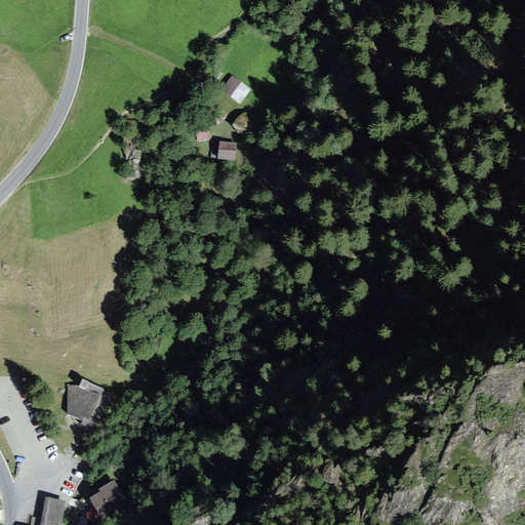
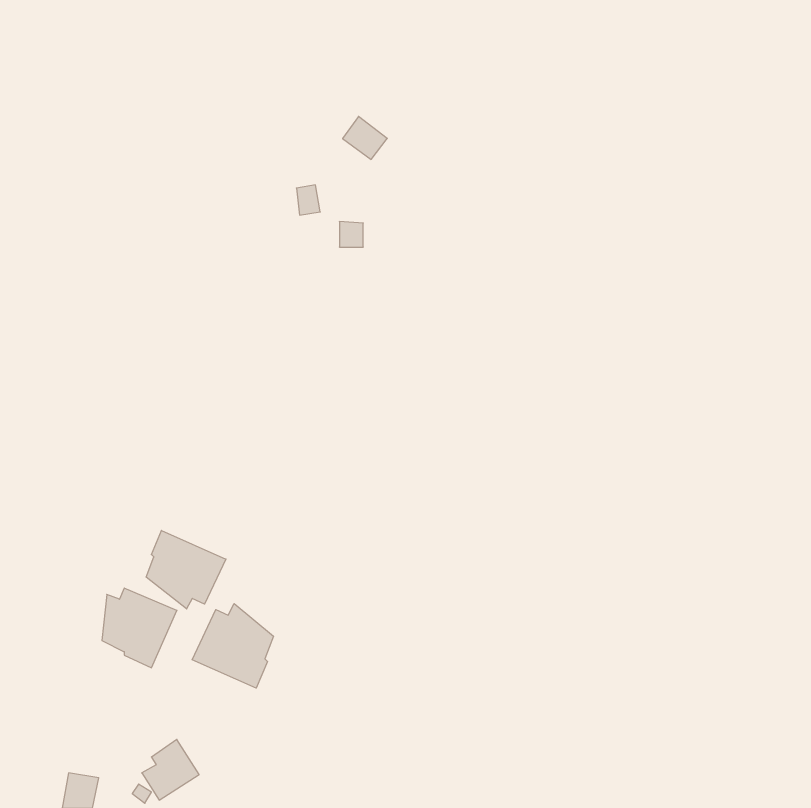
building: none -> [146,530,226,609]
building: none -> [192,604,274,688]

